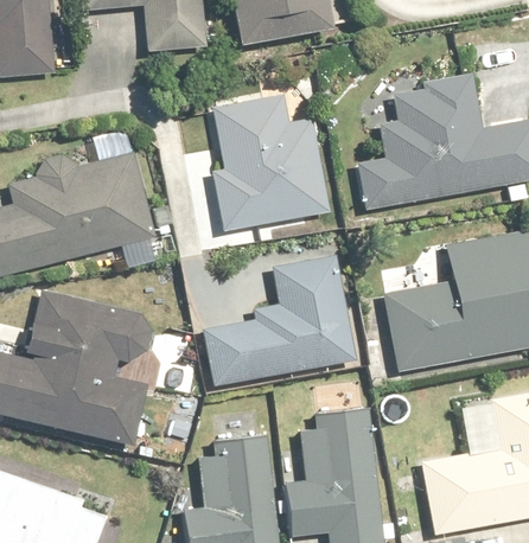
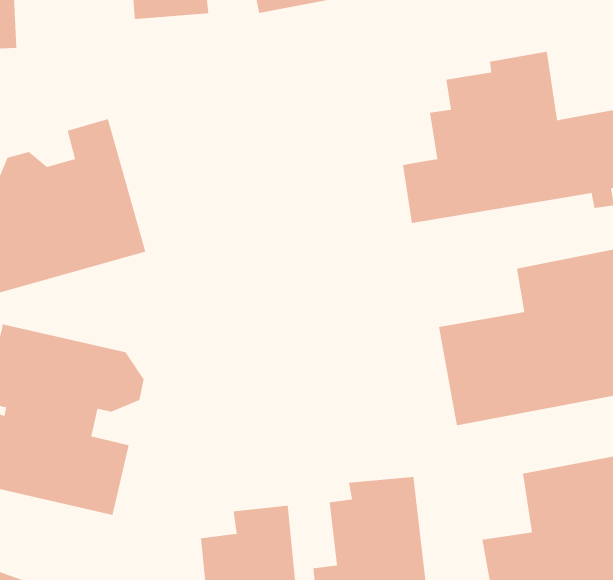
building: [213,95,330,231] -> none
building: [204,258,355,385] -> none

